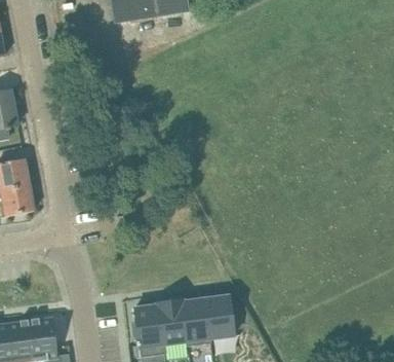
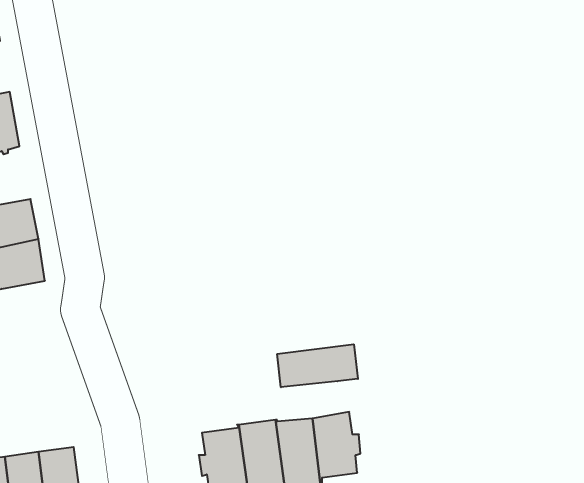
building: none -> [277,344,358,387]

